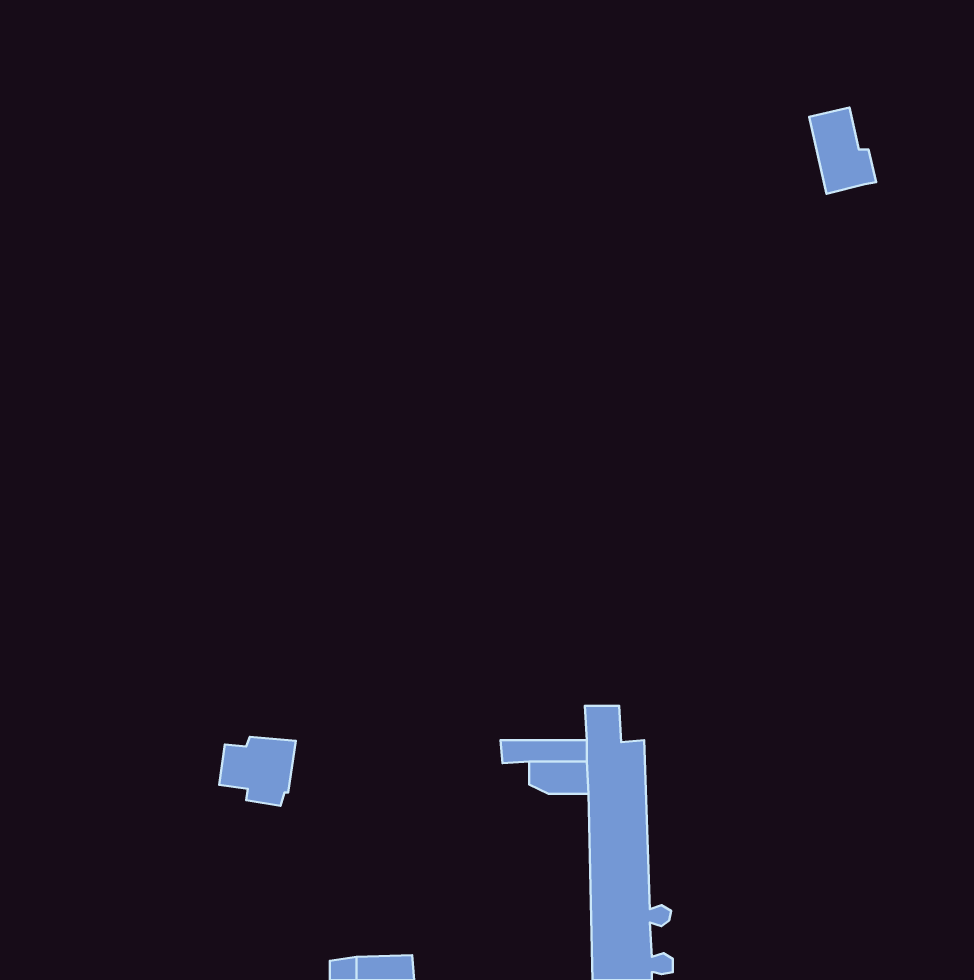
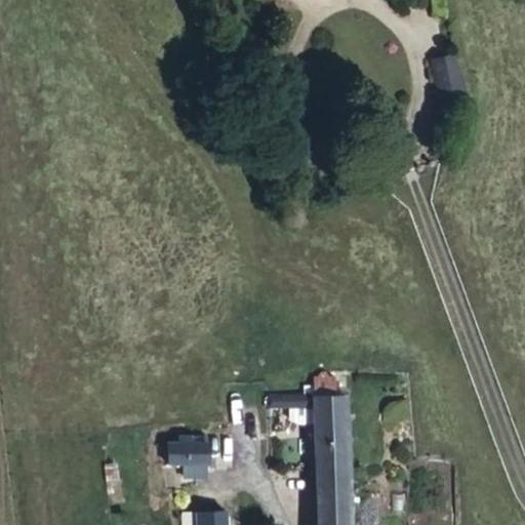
building: [219,737,296,806] -> [169,440,210,477]

